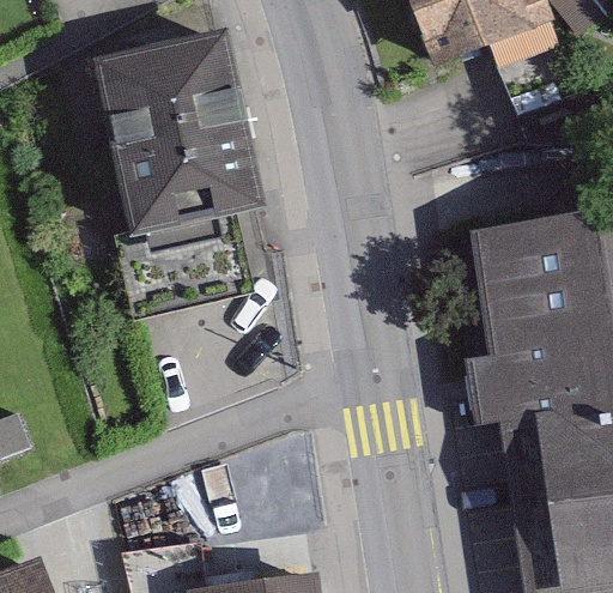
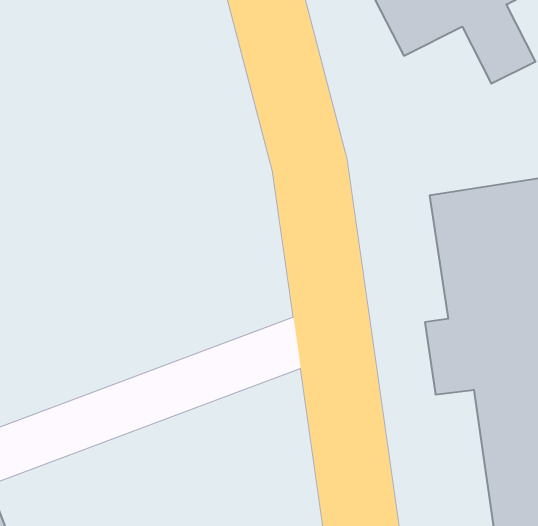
building: [103,40,255,226] -> none

